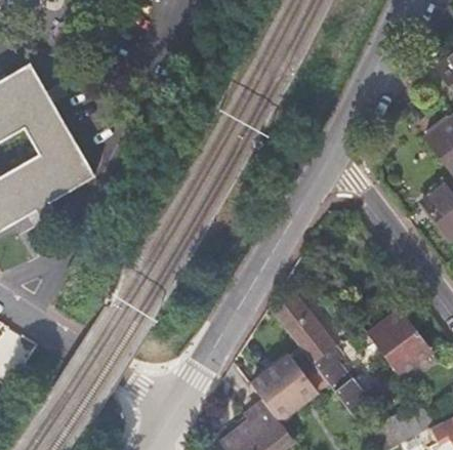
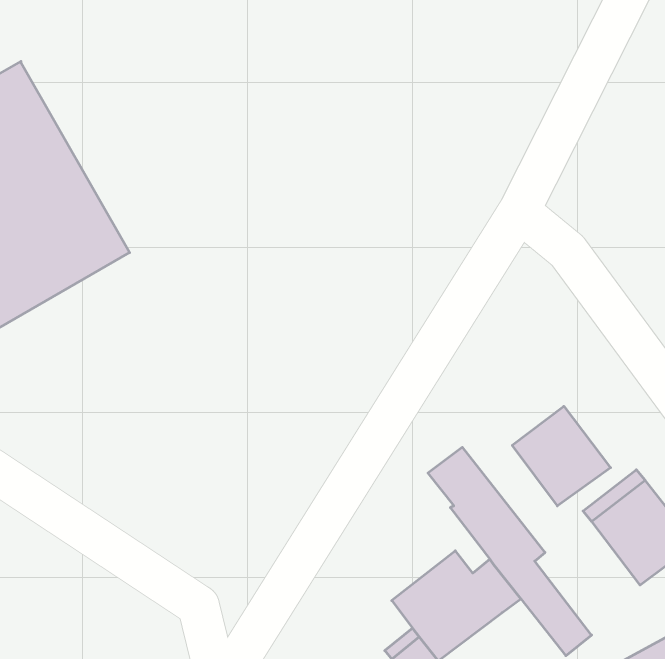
building: none -> [512,406,611,506]

